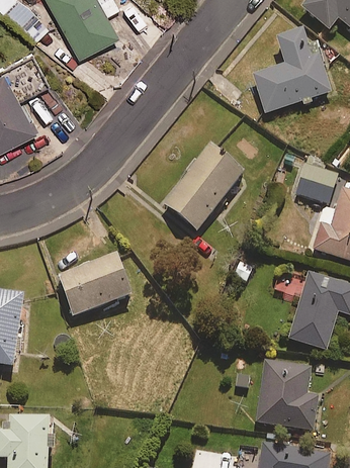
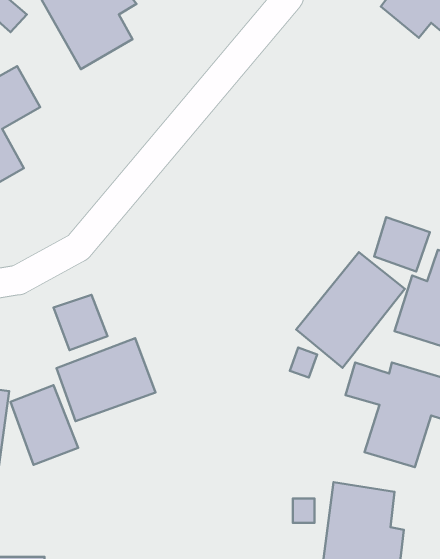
building: [250,28,332,112] -> none
building: [163,144,244,229] -> [296,252,405,368]
building: none -> [54,295,107,350]
building: none -> [10,385,78,465]

